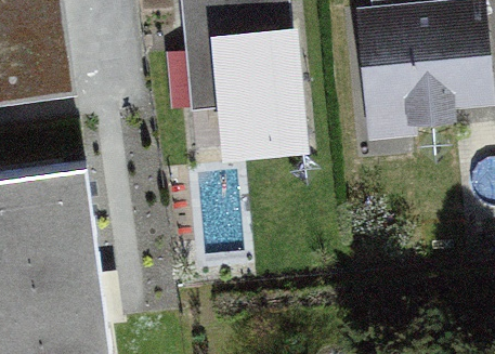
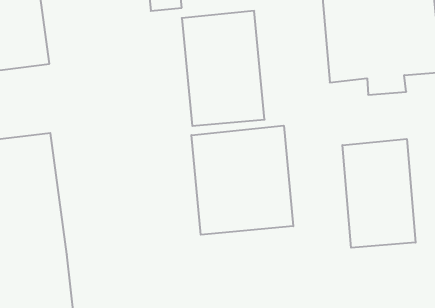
building: none -> [191,126,293,235]
building: none -> [342,139,416,248]

